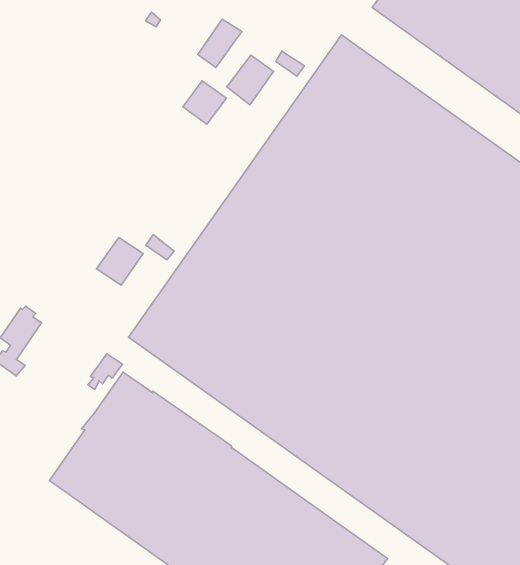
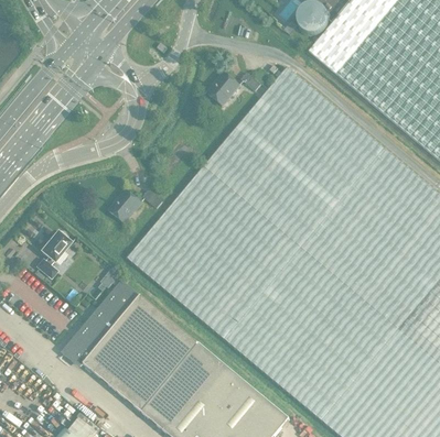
building: [198,19,242,68] -> none
building: [183,81,226,124] -> none

